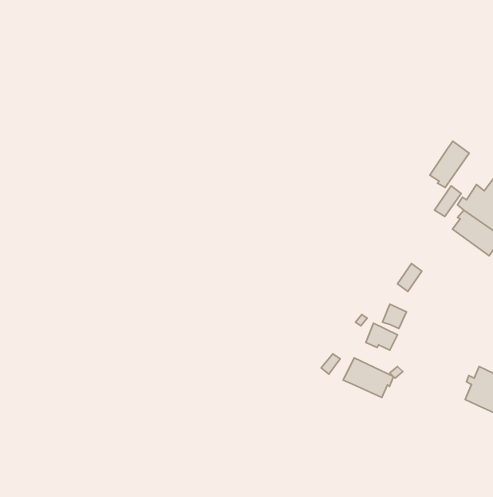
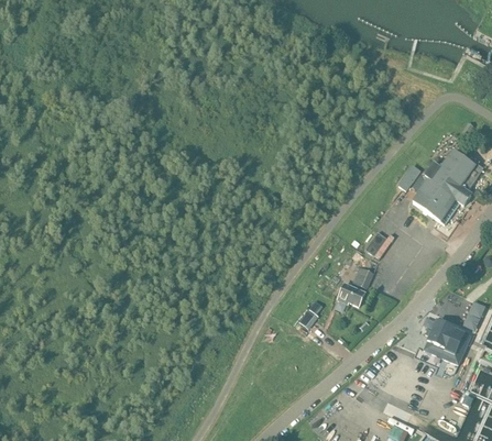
building: [430,141,469,188] -> none
building: [343,358,394,397] -> none

